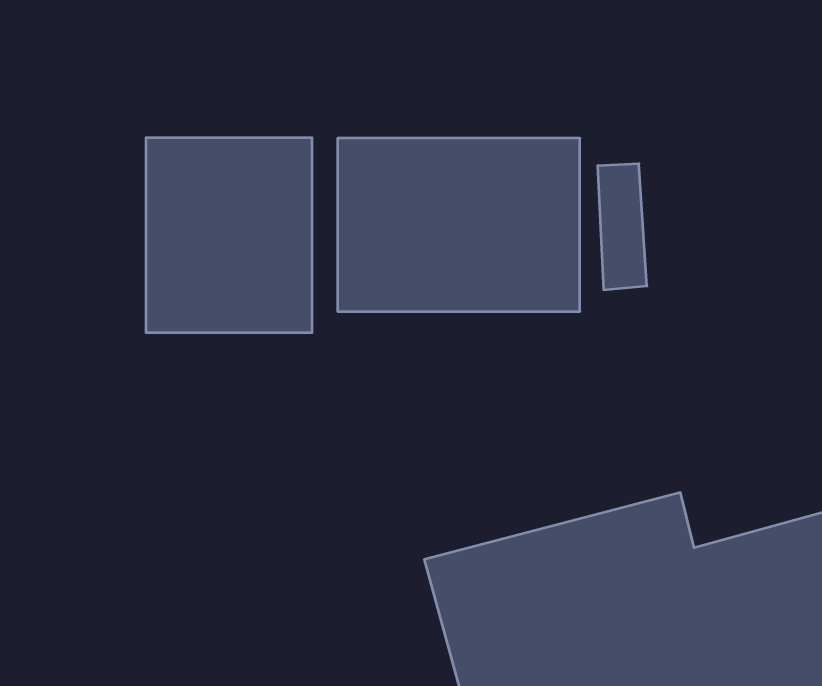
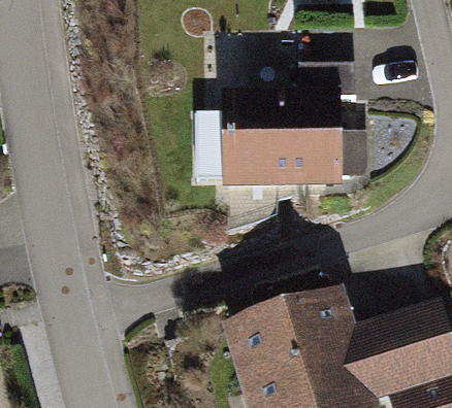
building: [146,138,312,333] -> none

